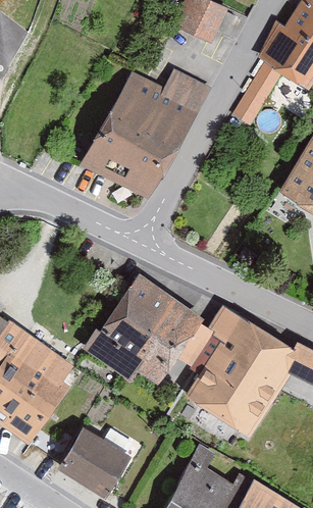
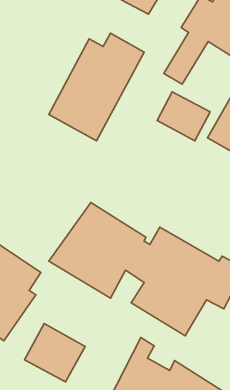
building: none -> [157,92,210,141]

